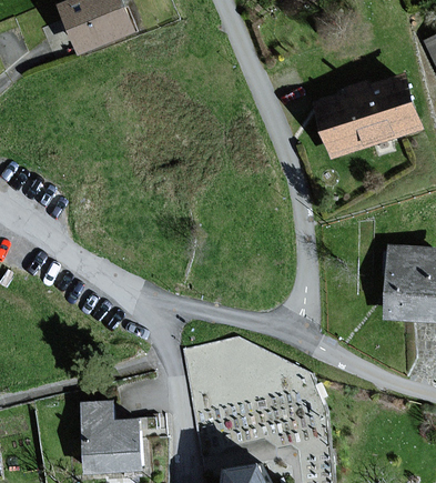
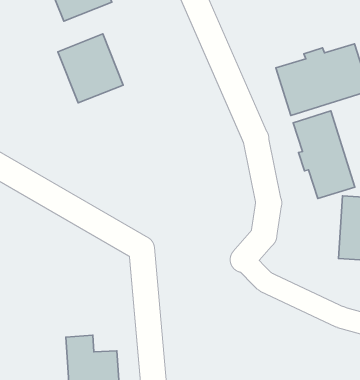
building: none -> [58,34,123,103]
building: none -> [293,111,355,199]

